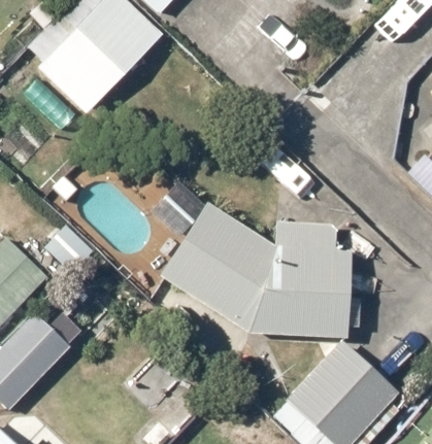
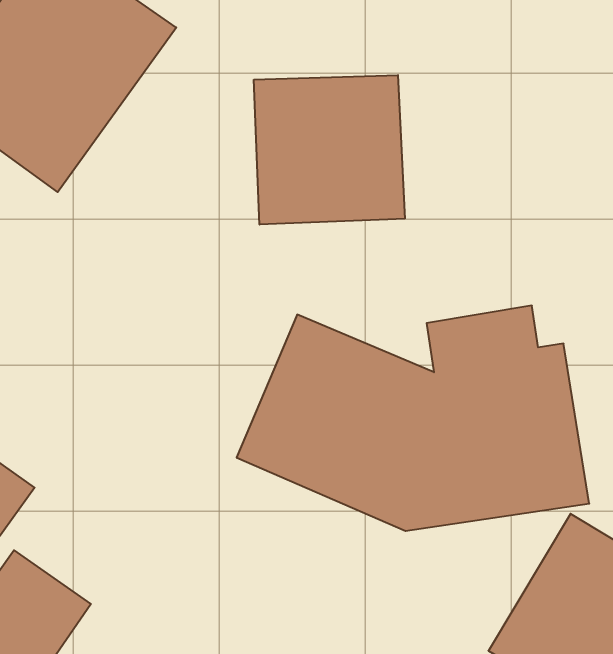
building: none -> [254,75,405,225]

